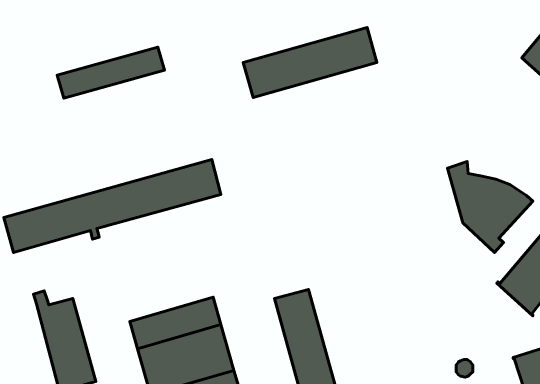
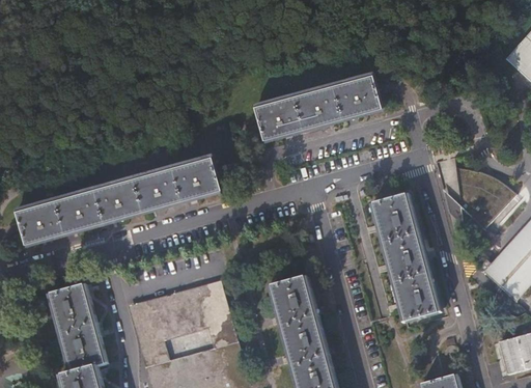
building: [243,27,377,97] -> [256,73,383,139]
building: [57,47,164,98] -> none
building: none -> [373,195,439,323]

